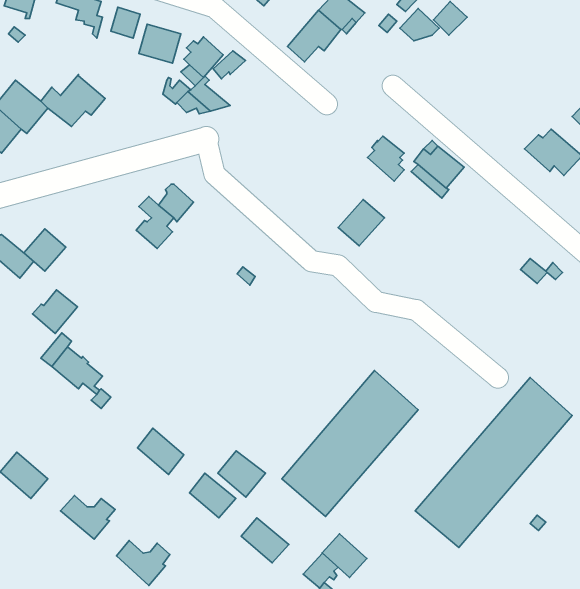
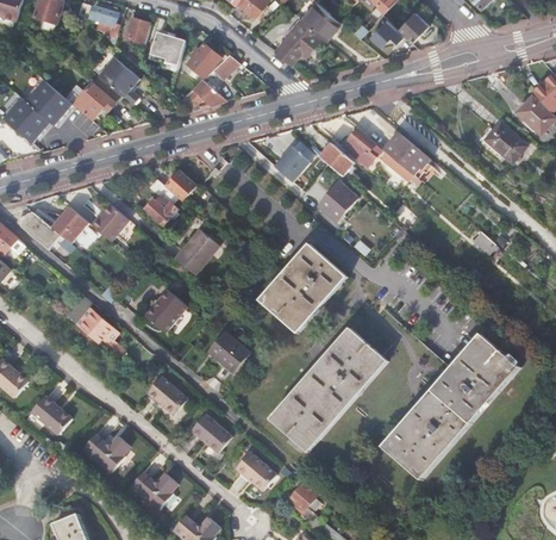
building: none -> [98,56,138,104]
building: none -> [320,143,355,175]
building: none -> [274,145,310,181]
building: none -> [174,228,218,274]
building: none -> [260,243,346,333]
building: [33,290,77,333] -> [90,204,129,241]
building: none -> [144,288,186,331]
building: [218,451,265,497] -> [208,331,249,371]
building: [322,534,367,577] -> none

